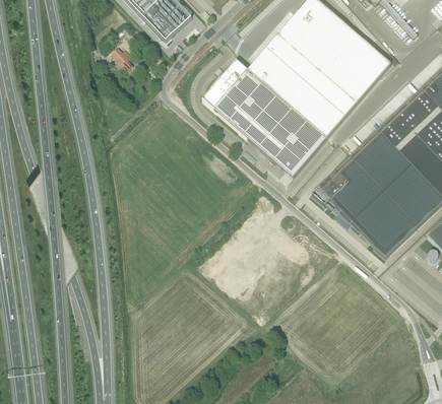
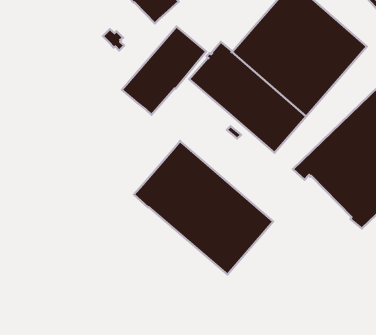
building: none -> [122,27,206,115]
building: none -> [134,141,273,274]

